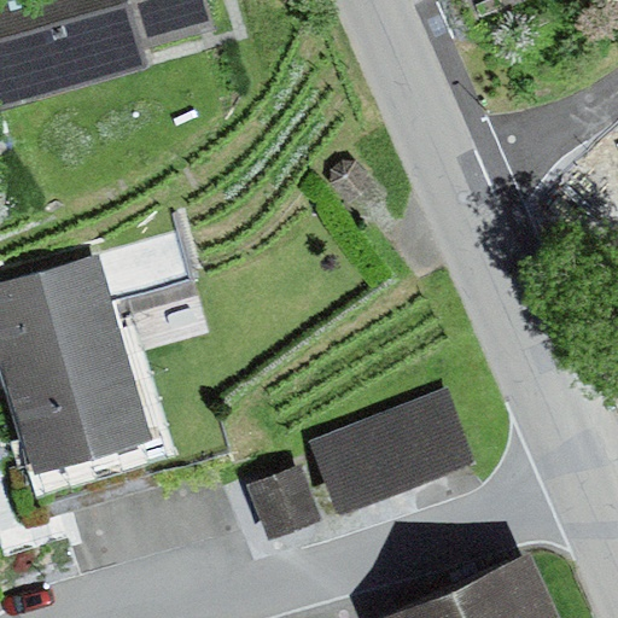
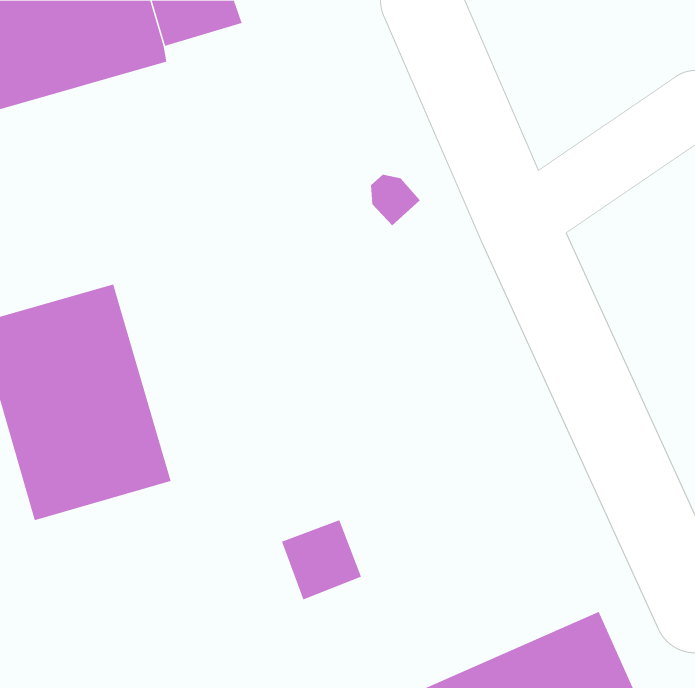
building: [308,395,470,511] -> none

